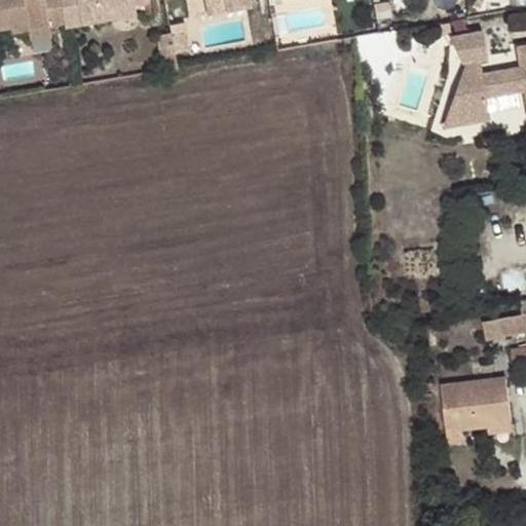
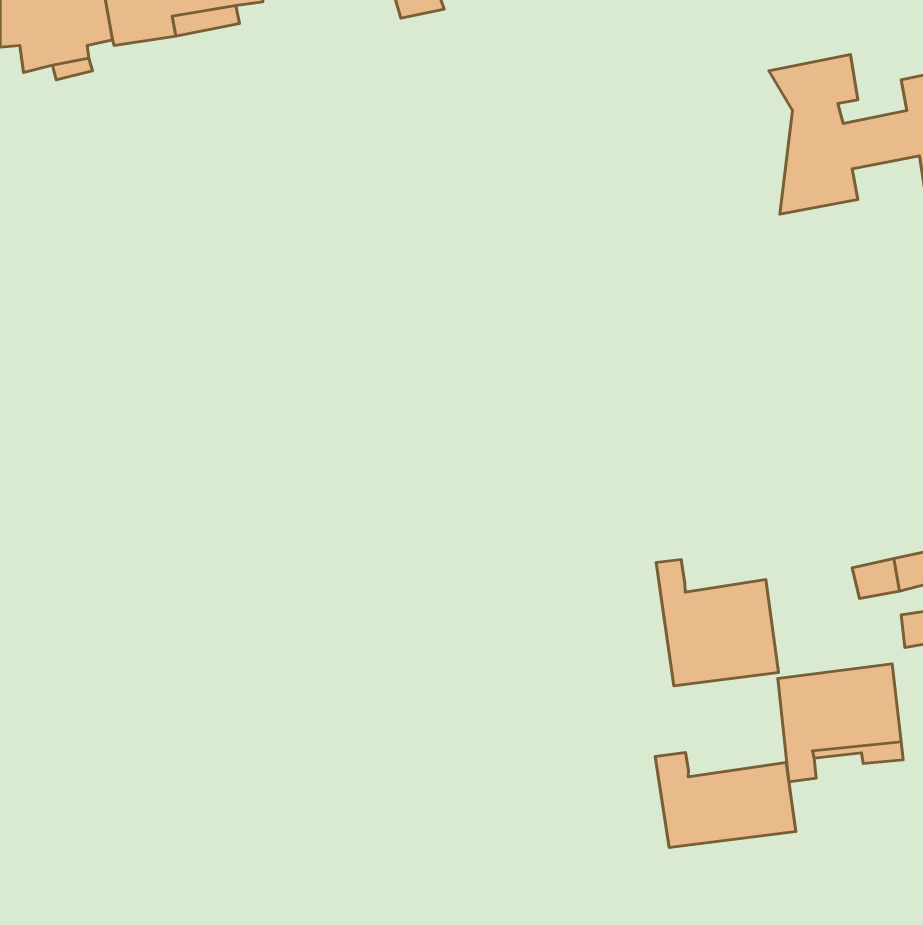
building: none -> [656,560,778,686]
building: none -> [655,753,796,847]

